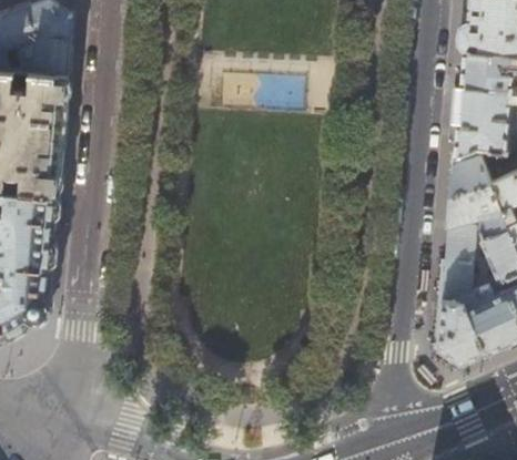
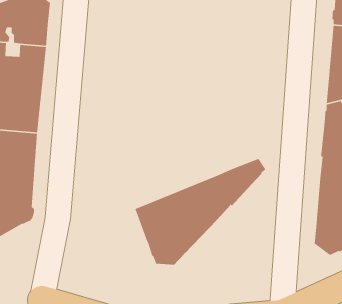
building: none -> [134,158,266,266]

